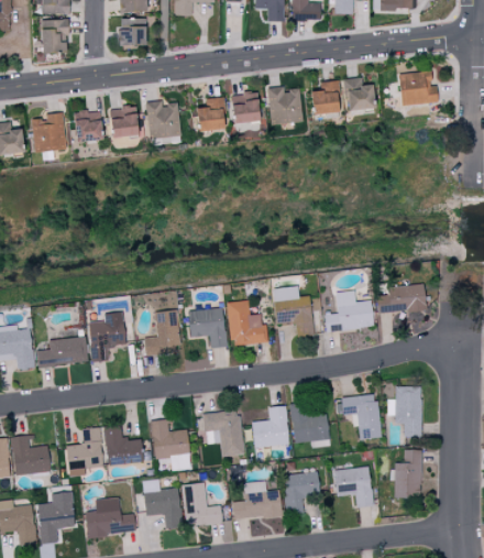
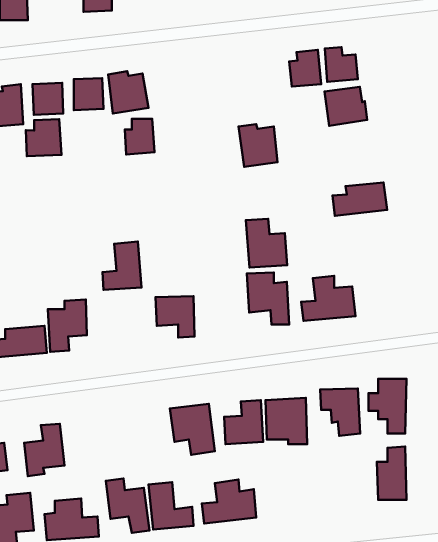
building: [398,70,438,107] -> [324,87,367,126]
building: [266,86,302,125] -> [238,124,277,167]
building: [233,92,262,122] -> none
building: [199,98,227,131] -> [125,119,154,154]
building: none -> [26,119,61,156]
building: [376,284,427,315] -> [333,183,387,216]
building: [227,300,265,346] -> [246,219,287,267]
building: [143,309,179,354] -> [102,241,141,290]
building: [150,419,190,471] -> none
building: [102,425,143,466] -> none
building: [333,467,373,507] -> none
building: [284,473,319,514] -> none

